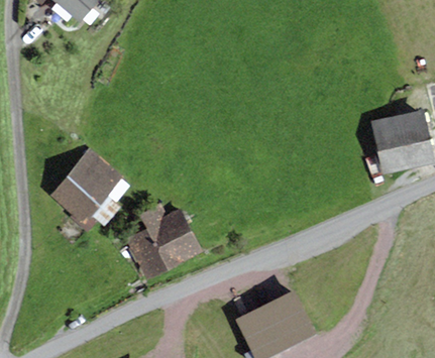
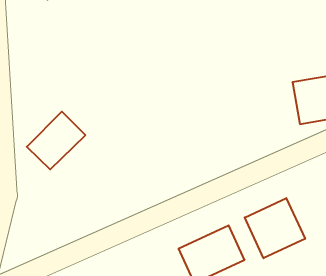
building: [119,213,200,278] -> none
building: none -> [245,198,305,258]

